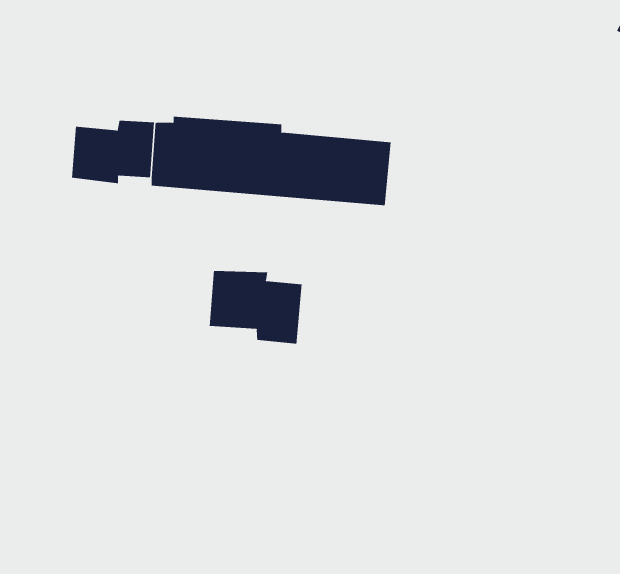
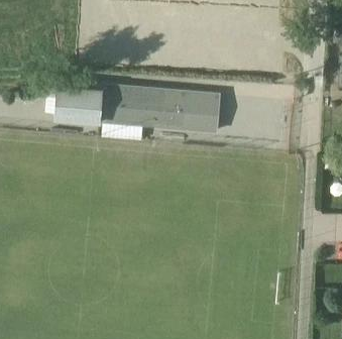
building: [209,270,302,345] -> none

